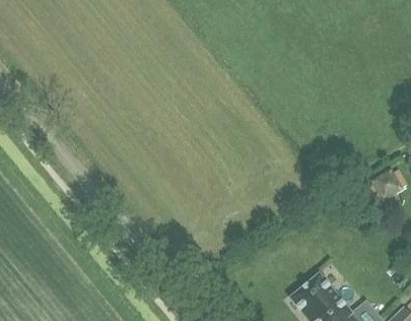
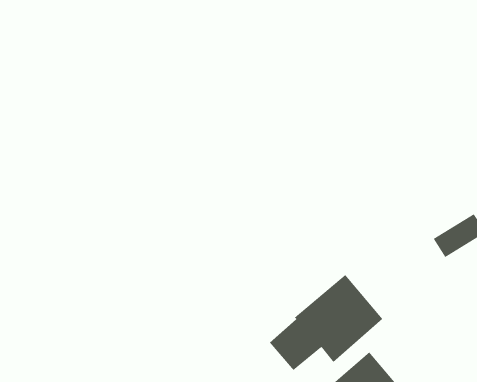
building: none -> [269,274,383,371]

